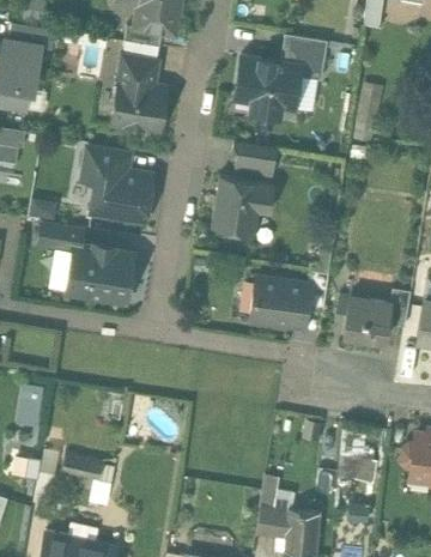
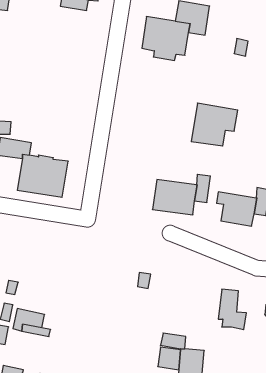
building: [111,56,166,133] -> none
building: [231,143,275,177] -> none
building: [83,150,151,222] -> none
building: [211,176,274,235] -> [191,103,238,146]

